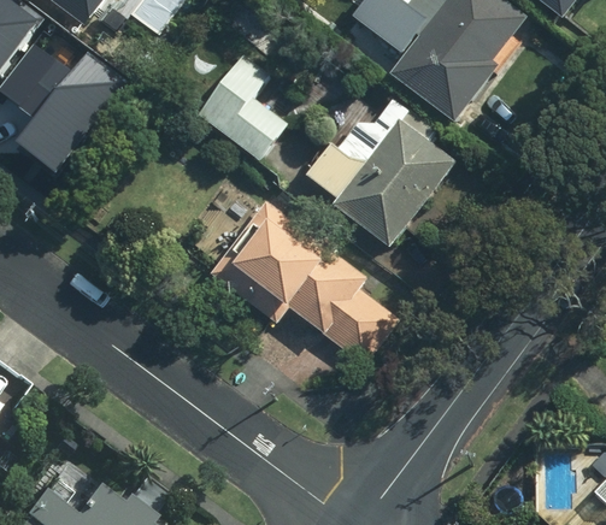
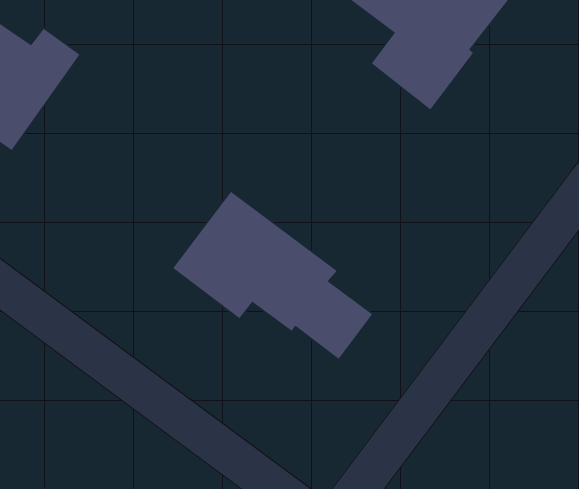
building: [198,54,288,159] -> none
building: [305,118,455,250] -> none

